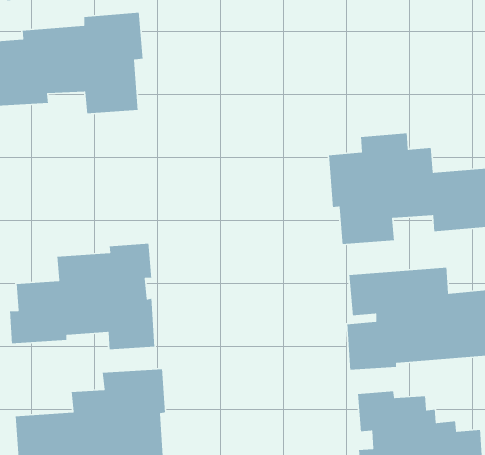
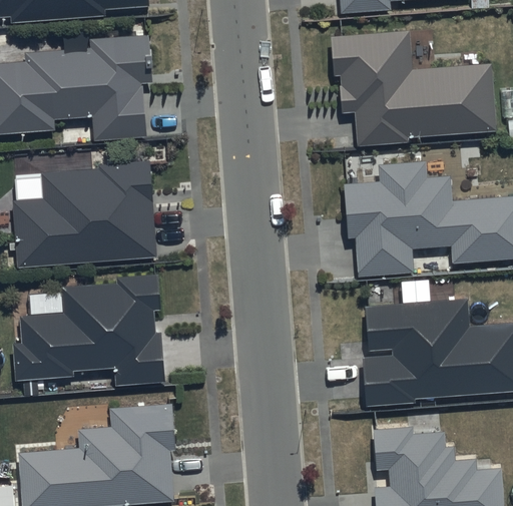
building: none -> [330,31,496,146]
building: none -> [12,161,156,269]

